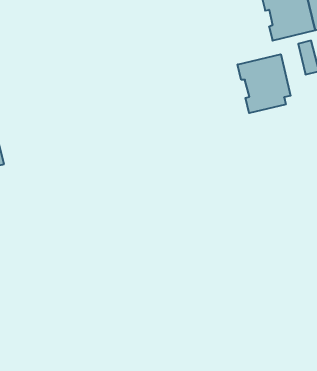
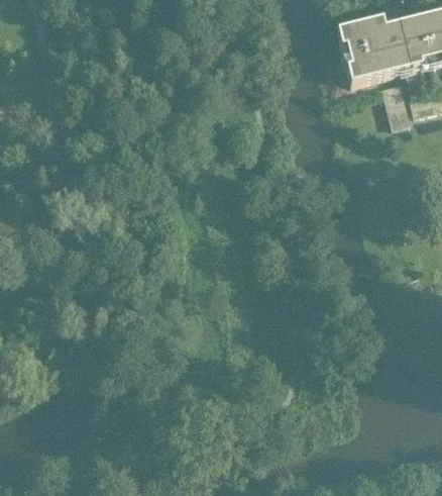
building: [238,54,291,113] -> none

